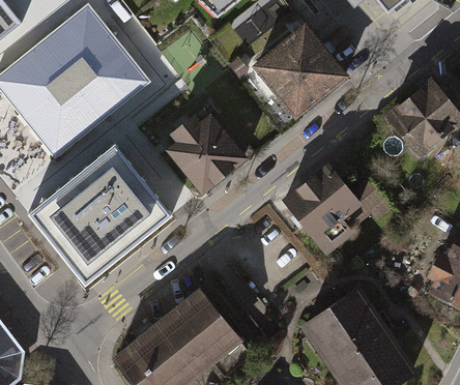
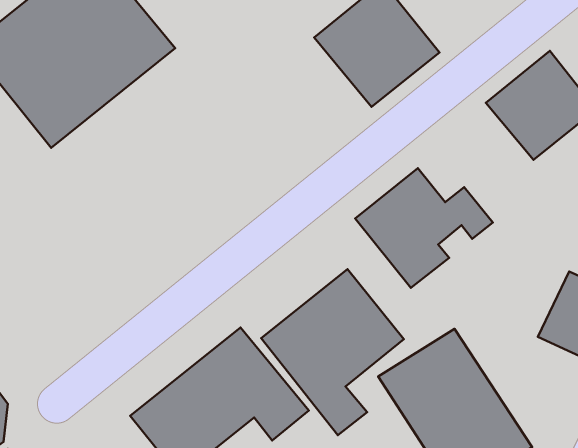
building: [166,112,242,188] -> none
building: [26,146,166,282] -> none
building: none -> [261,269,404,435]

